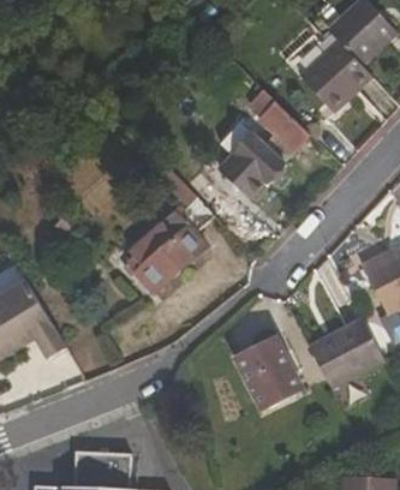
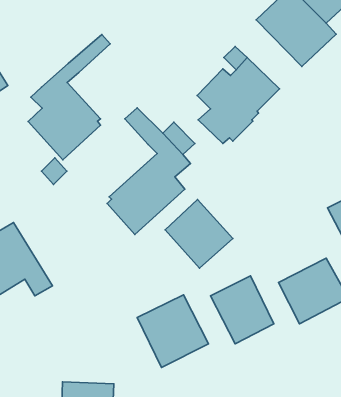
building: none -> [28,35,110,160]
building: none -> [165,200,233,268]
building: none -> [137,295,209,367]

